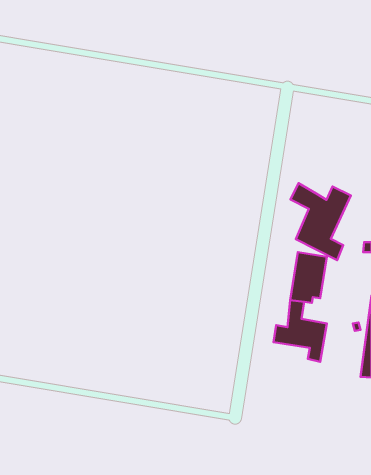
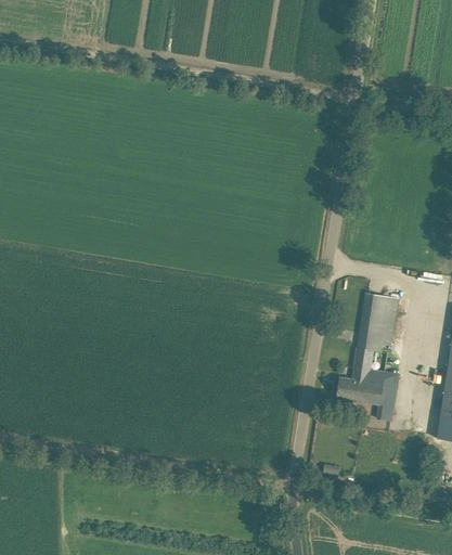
building: [291,183,351,260] -> none

